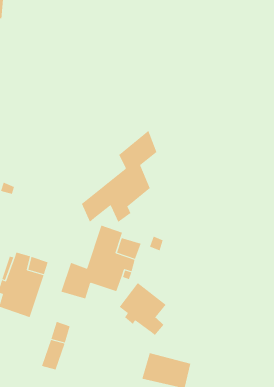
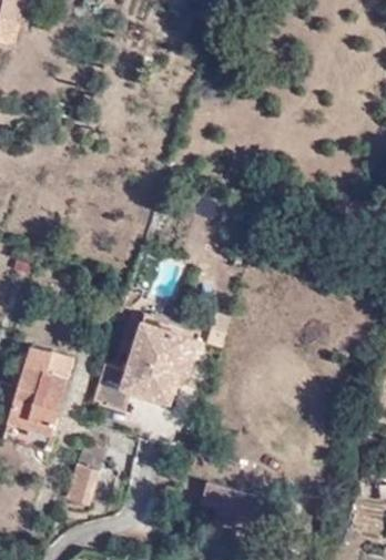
building: [81,130,157,223] -> none
building: [119,282,166,336] -> none

